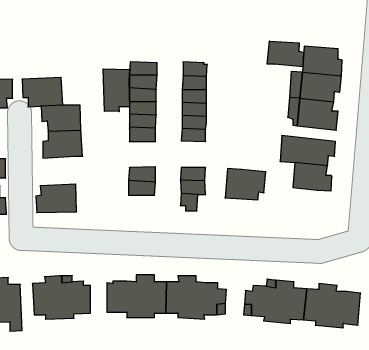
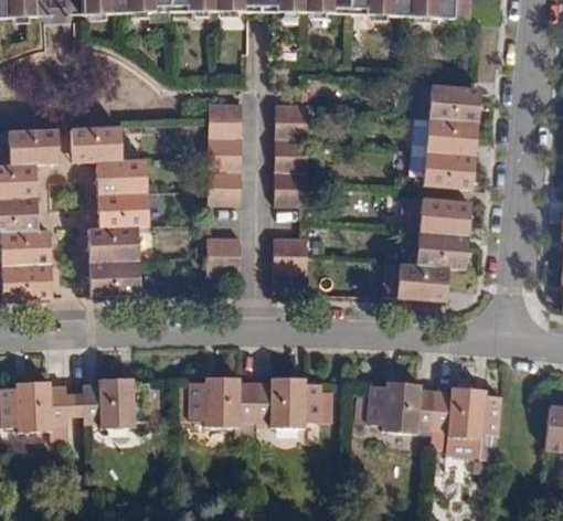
building: [267,41,303,67] -> none
building: [103,69,129,112] -> none
building: none -> [86,224,139,262]
building: [225,169,266,200] -> [395,263,447,302]

